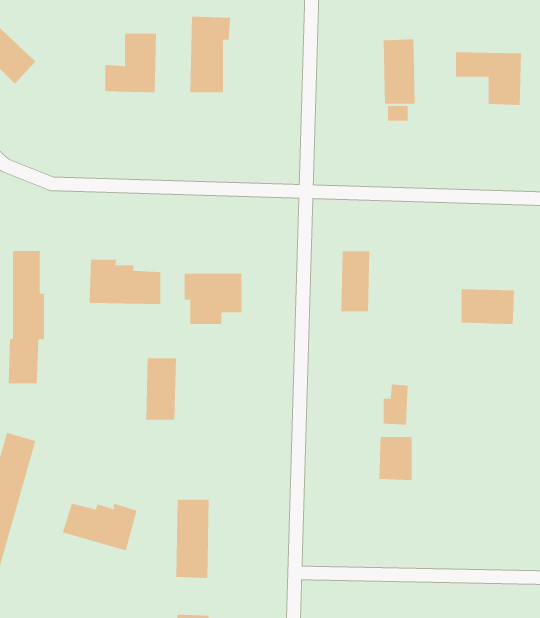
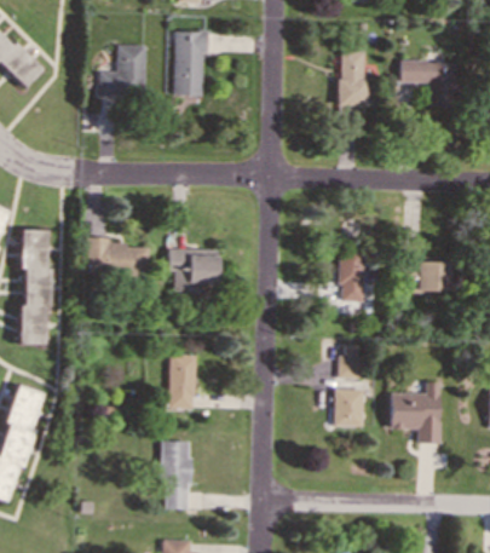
building: [340,251,370,312] -> [340,249,365,301]
building: [145,358,177,420] -> [169,355,196,408]
building: none -> [391,381,440,443]
building: [62,503,137,551] -> none

